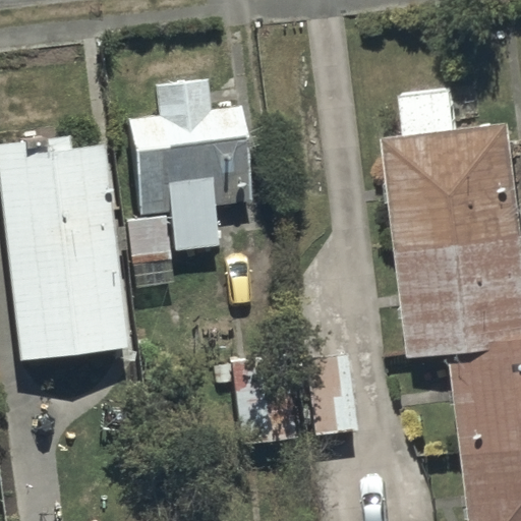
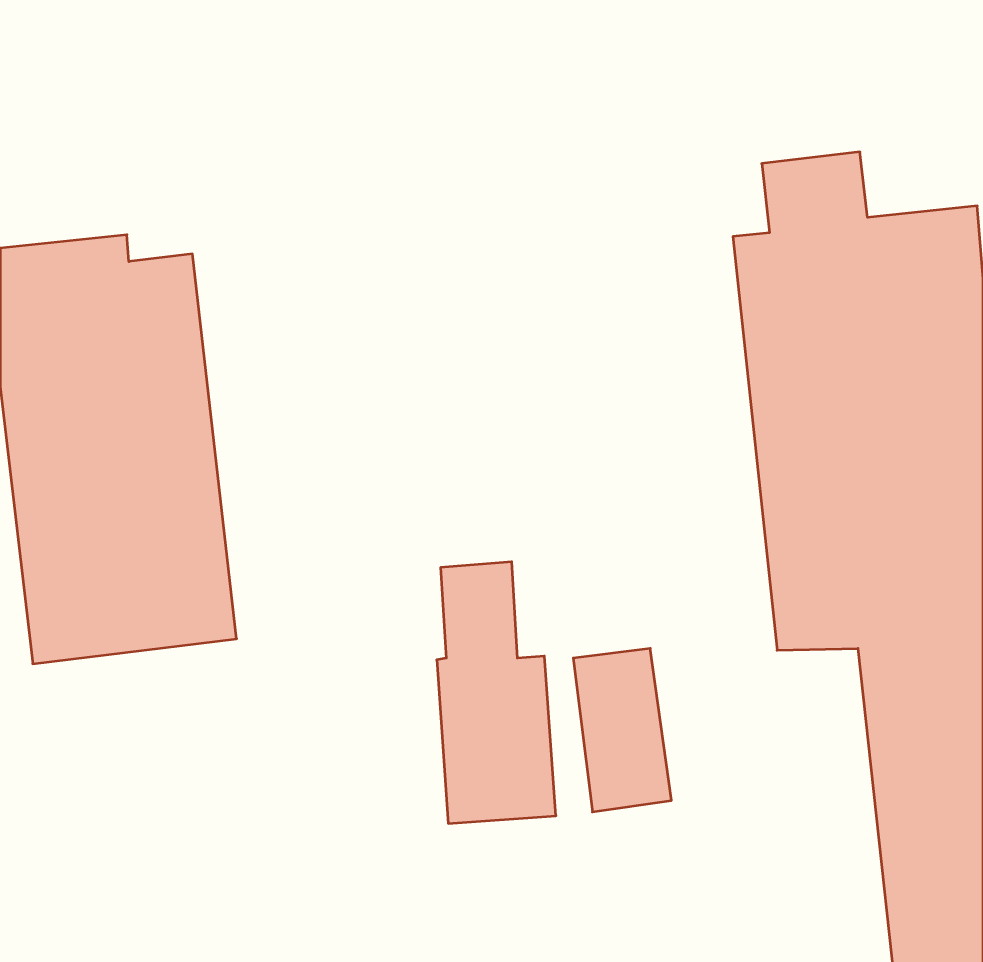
building: [128,90,251,260] -> none

